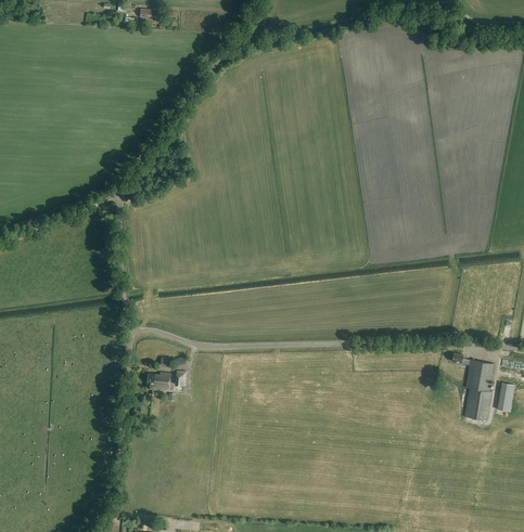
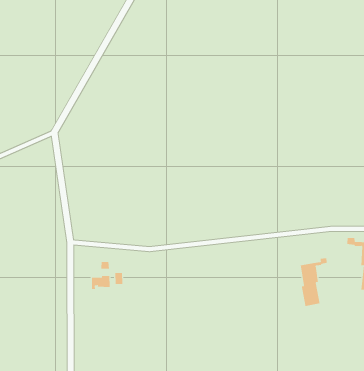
building: none -> [300,257,327,307]

